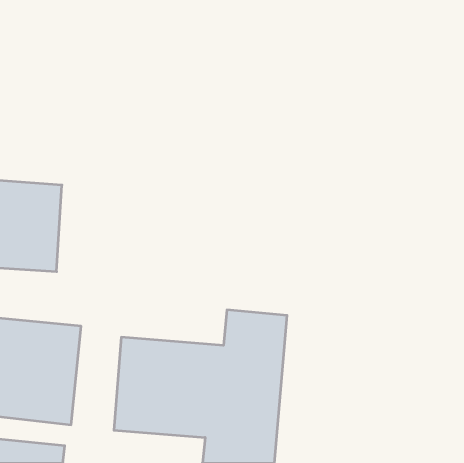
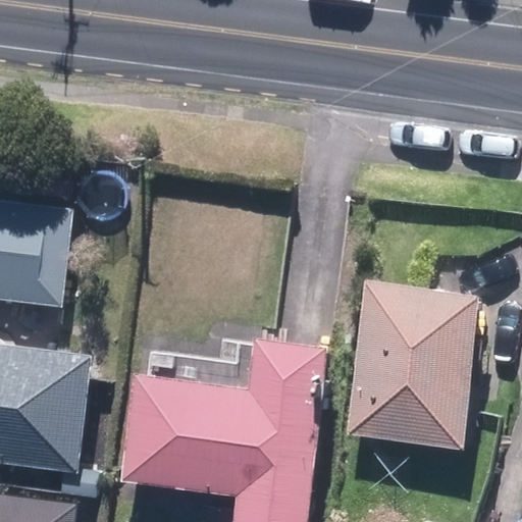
building: none -> [345,282,480,448]

